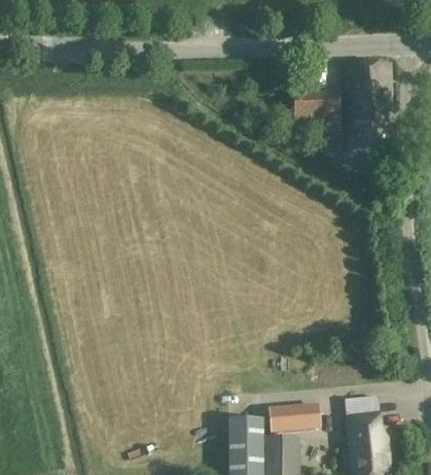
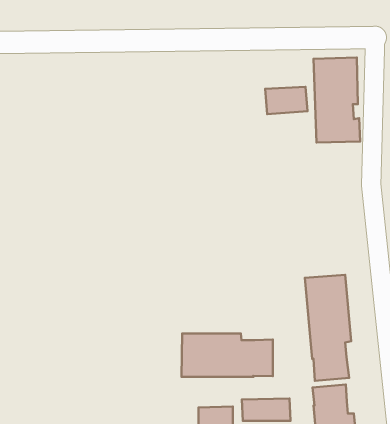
building: none -> [305,275,351,381]
building: none -> [182,333,273,377]

